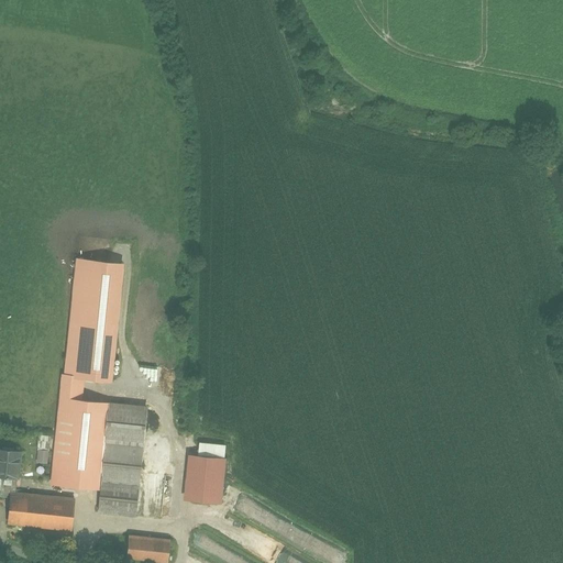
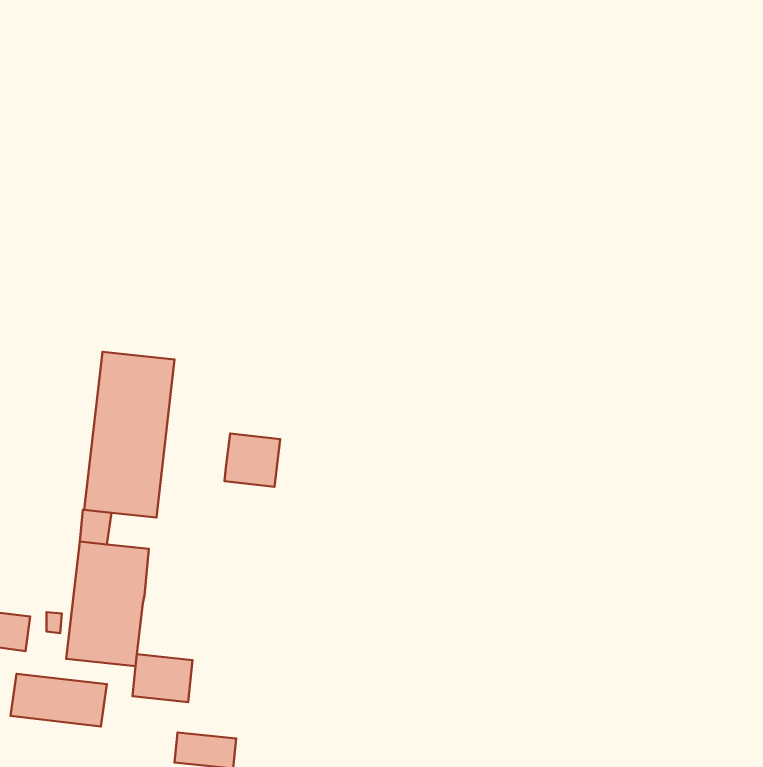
building: none -> [225,433,280,487]
building: [106,402,150,441] -> none
building: [100,442,146,484] -> none
building: [187,455,227,501] -> none

